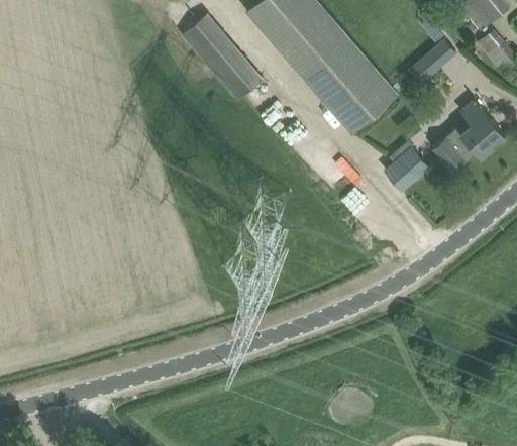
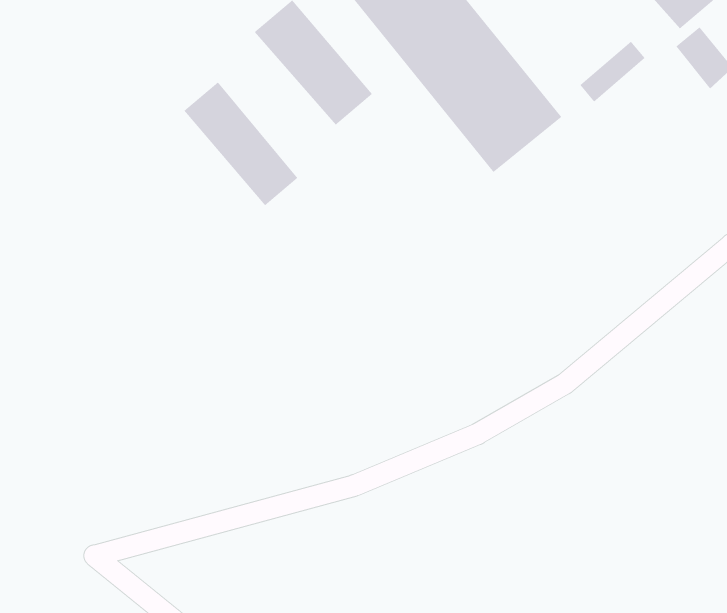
building: none -> [184,82,298,206]
building: [431,101,504,173] -> none
building: [384,147,427,190] -> none

